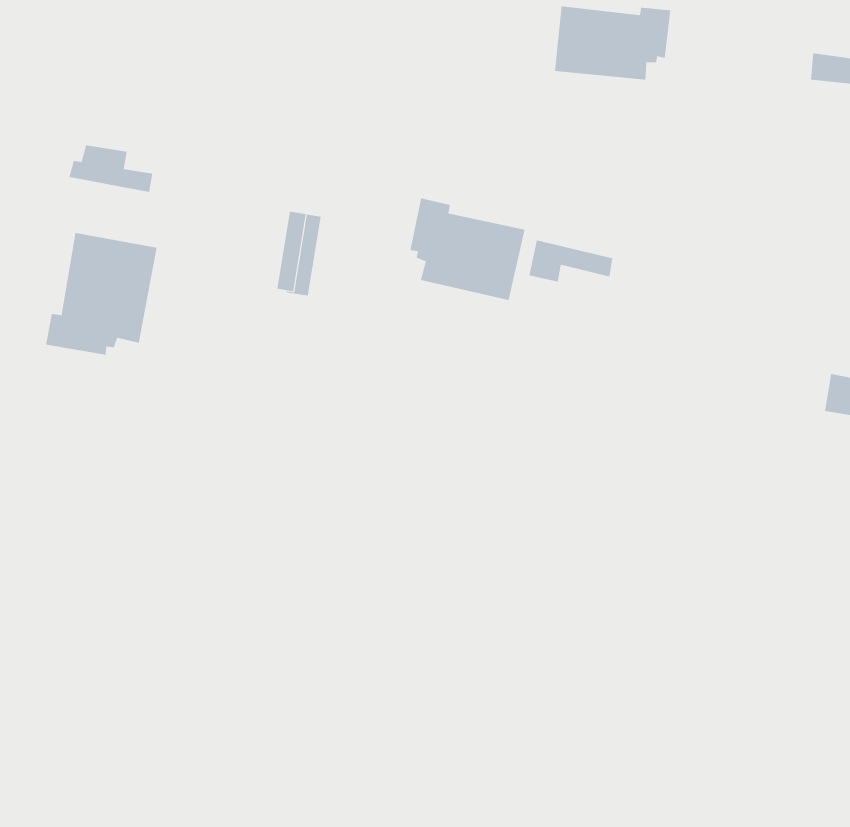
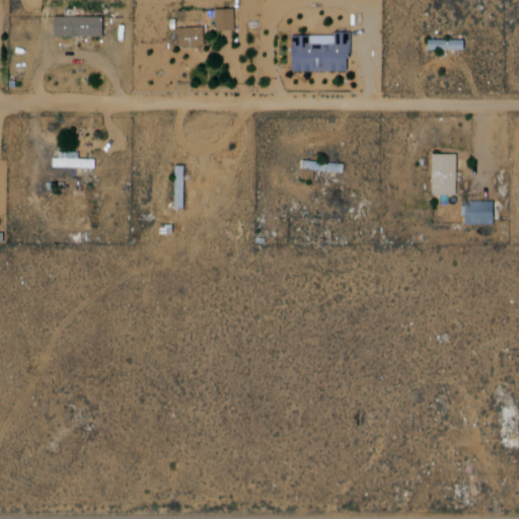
building: [410,198,525,301] -> none
building: [46,232,157,355] -> none
building: none -> [431,153,458,194]

